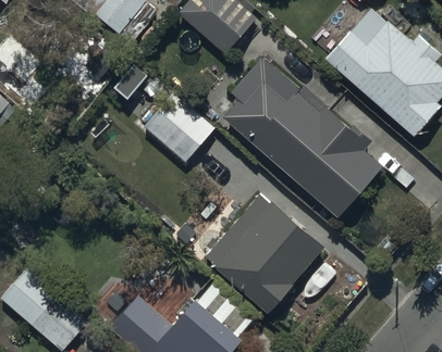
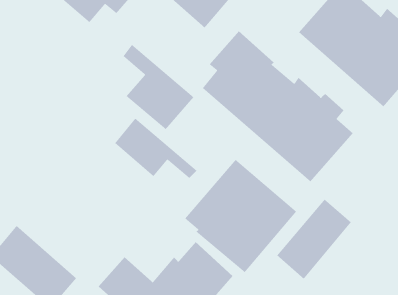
building: none -> [114,118,197,179]
building: none -> [276,199,352,280]

